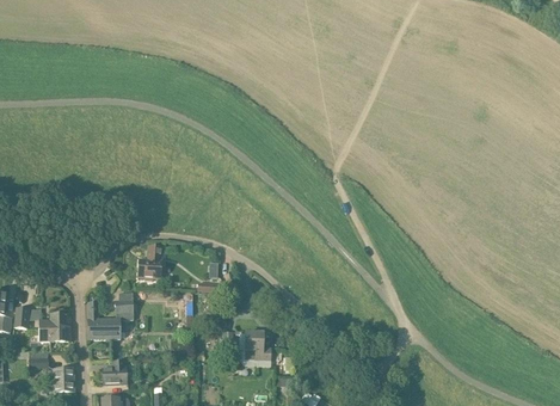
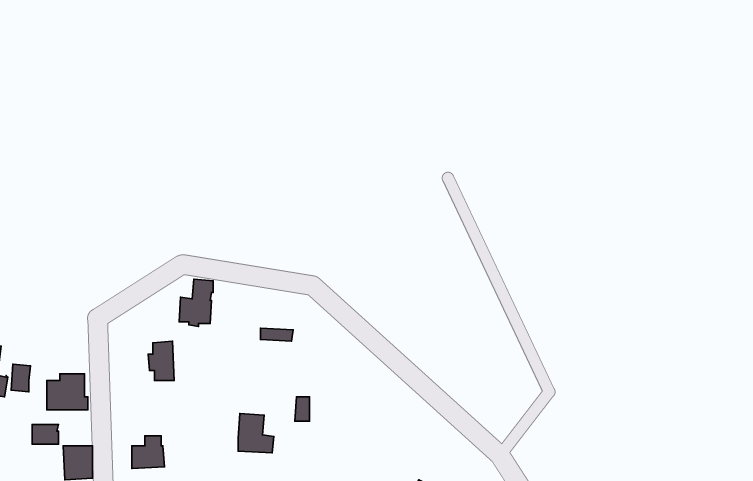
building: [87,301,121,338] -> none
building: [245,331,271,359] -> [238,414,274,453]

